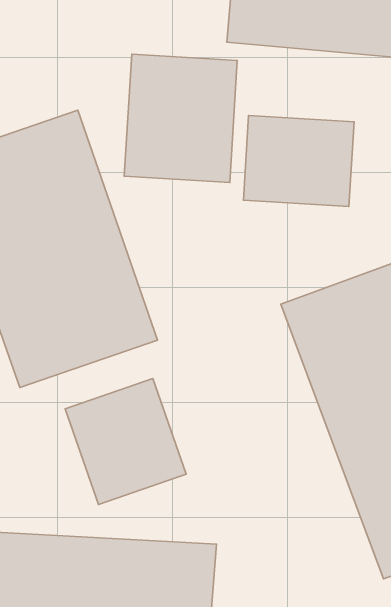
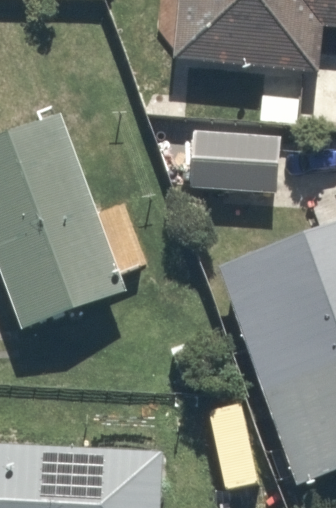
building: [124,54,237,183] -> none
building: [65,378,186,505] -> none

